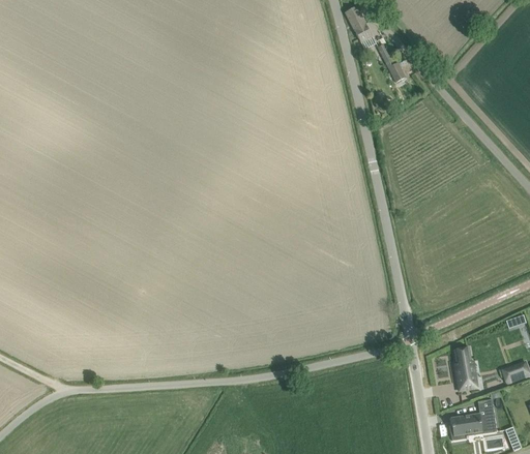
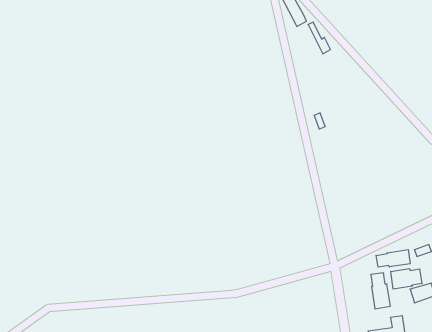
building: none -> [376,250,410,267]
building: none -> [391,269,422,289]

